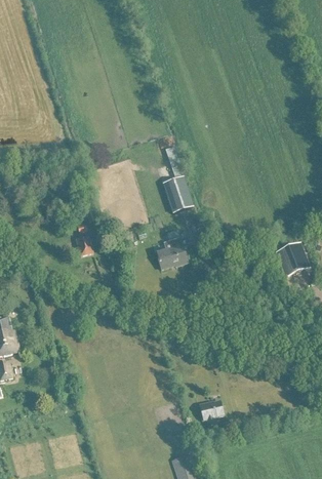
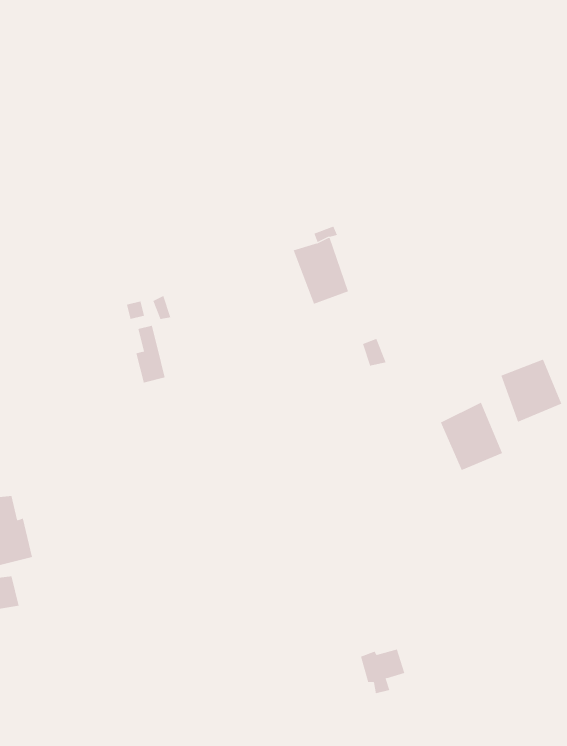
building: [157,229,189,269] -> none
building: none -> [440,402,503,471]

